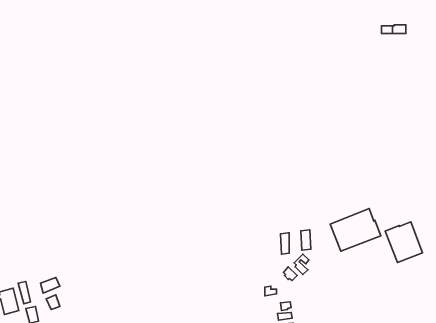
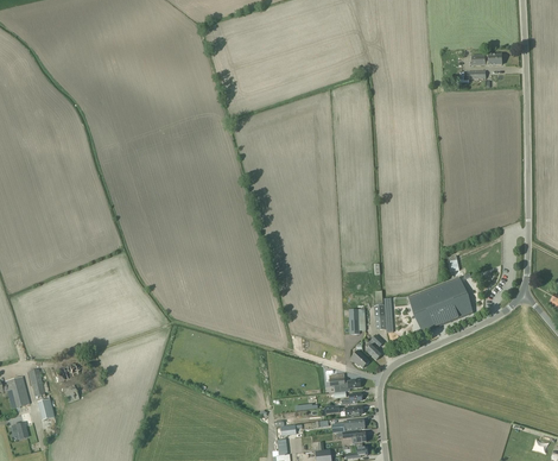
building: [385,222,423,263] -> none

